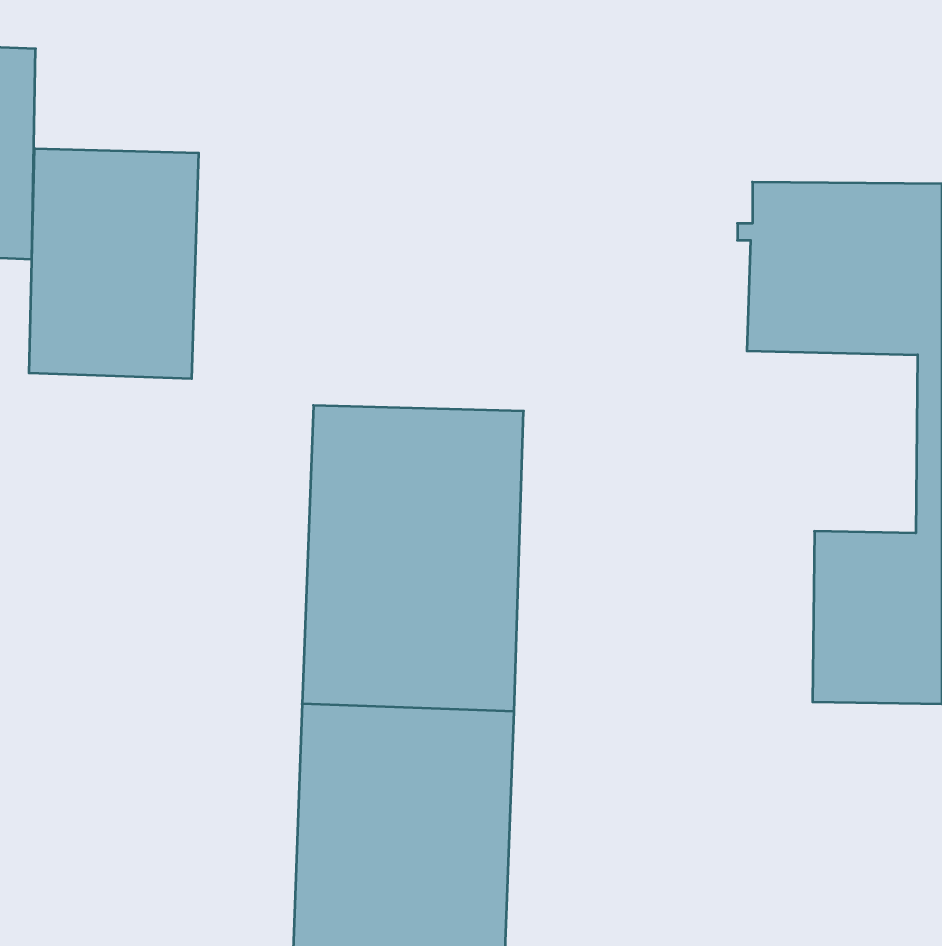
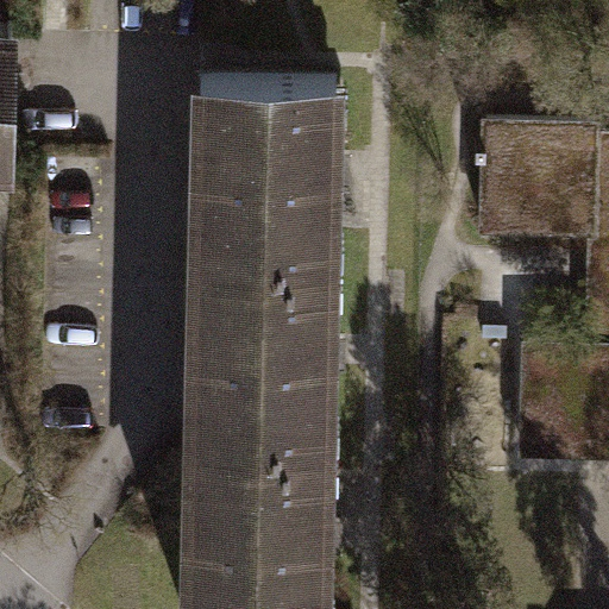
building: none -> [199,76,338,269]
building: [29,148,199,379] -> none

